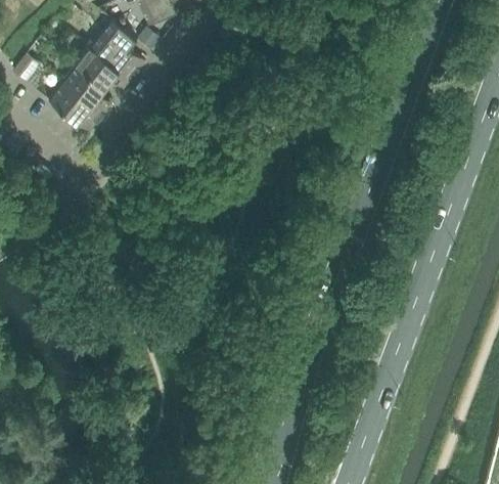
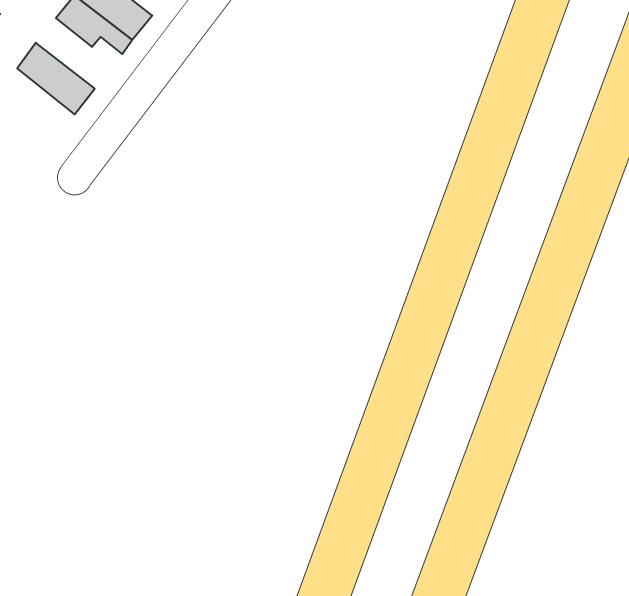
building: [61,63,111,114] -> none

